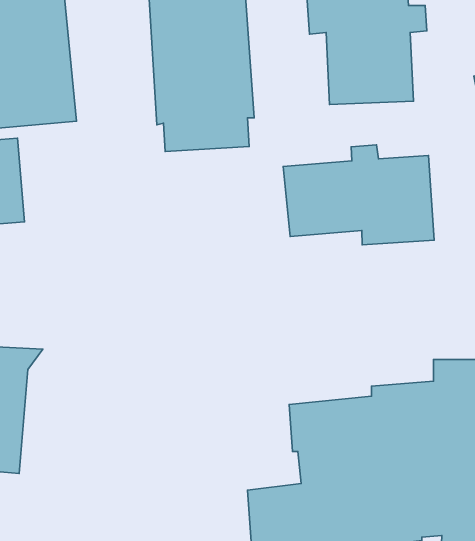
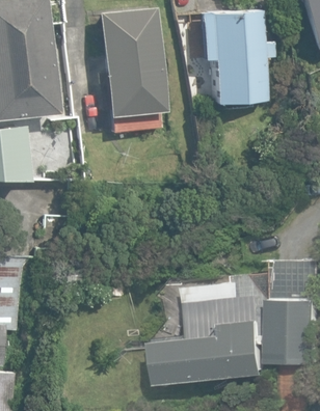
building: [283,145,434,245] -> none

